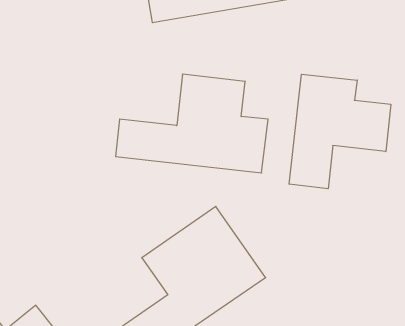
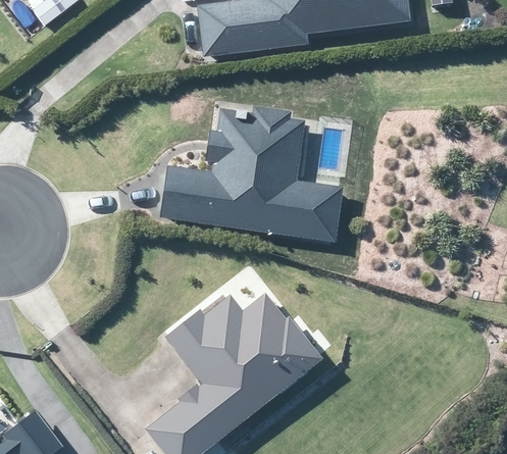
building: [289,74,391,189] -> none

